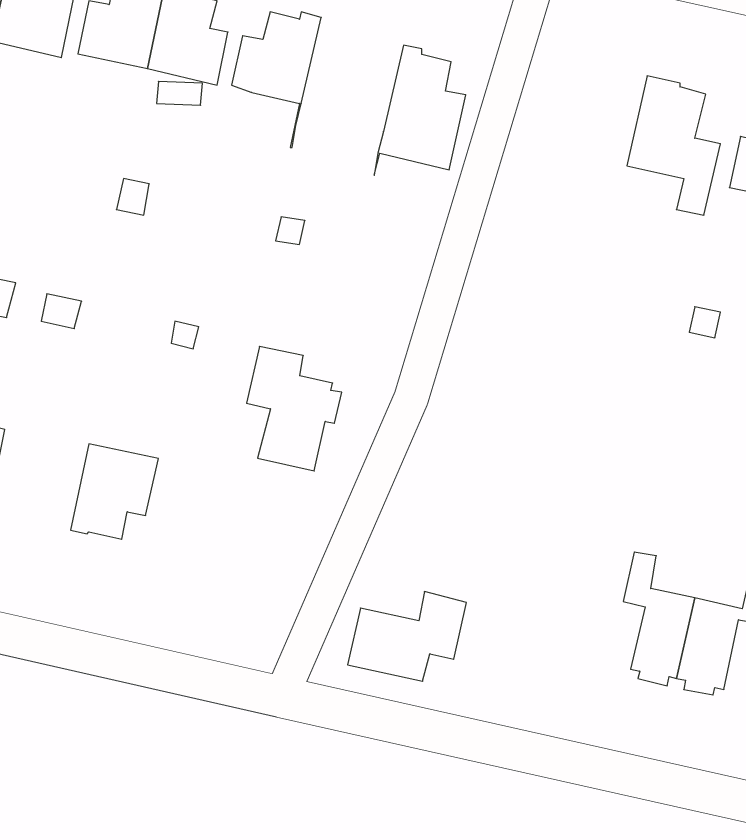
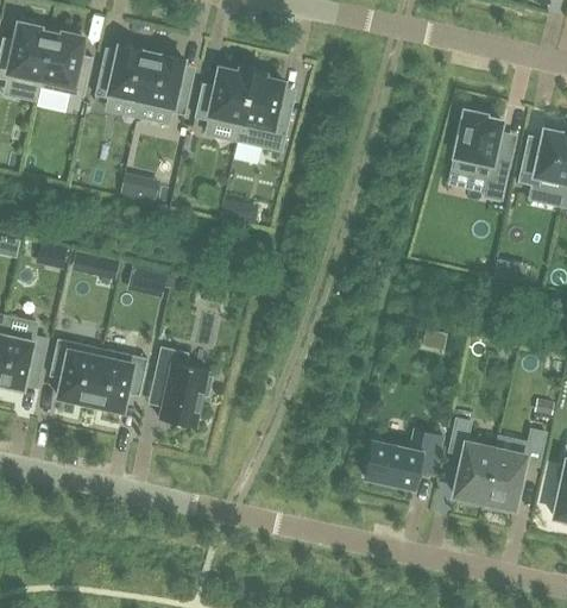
building: [374,45,466,175] -> [233,71,292,156]
building: [247,346,342,471] -> [151,346,213,427]
building: none -> [49,338,101,405]
building: [348,592,466,681] -> [364,430,441,488]

